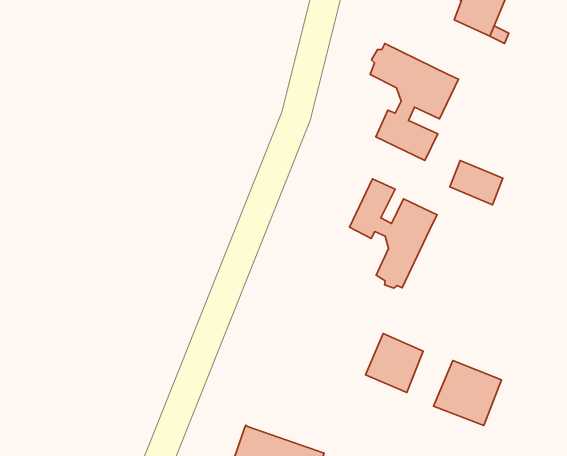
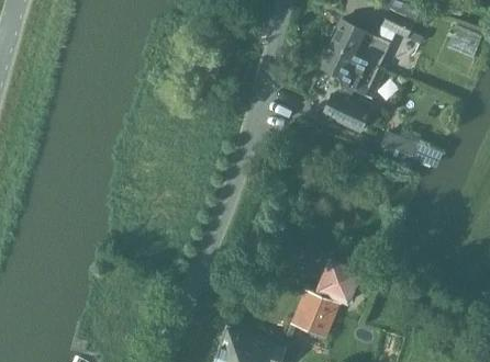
building: none -> [331,22,389,68]
building: [349,179,437,288] -> none
building: [434,360,502,426] -> [289,291,339,339]

